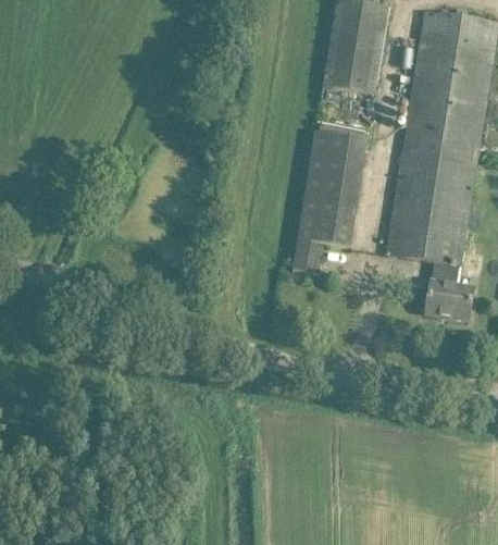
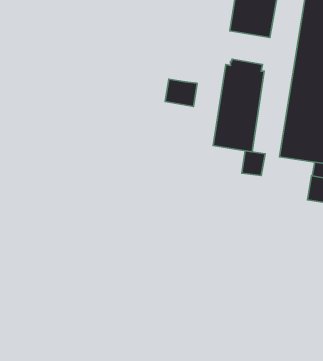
building: none -> [165,79,197,106]
building: [292,238,324,272] -> [242,151,265,176]

